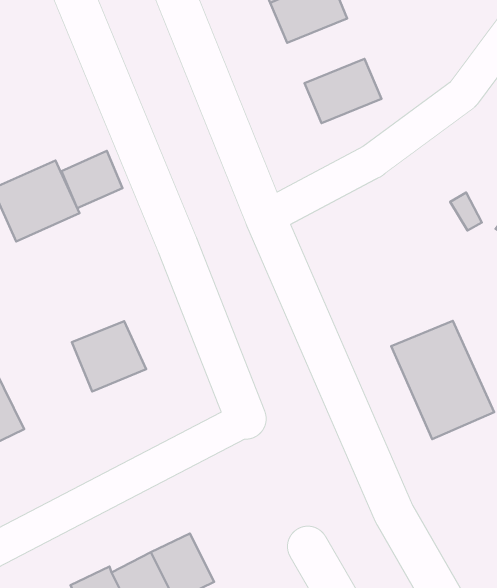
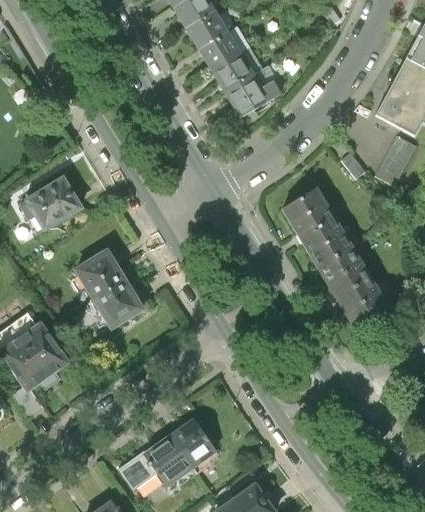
building: none -> [211,46,266,95]
building: [62,151,123,208] -> none
building: none -> [277,184,354,268]
building: none -> [73,246,127,298]

